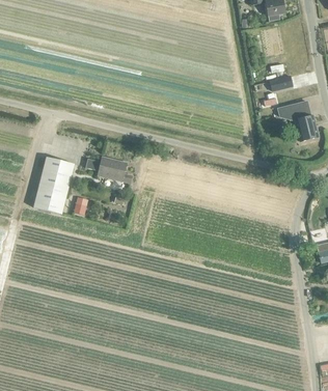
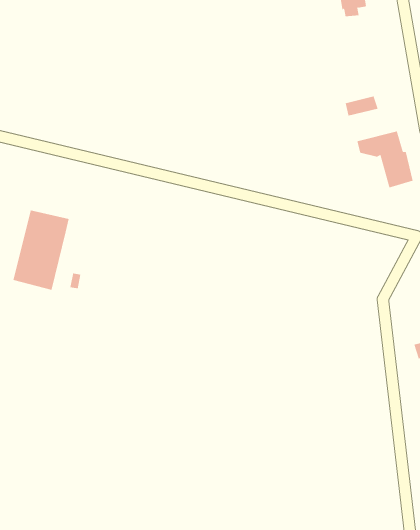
building: [85,157,132,184] -> none

